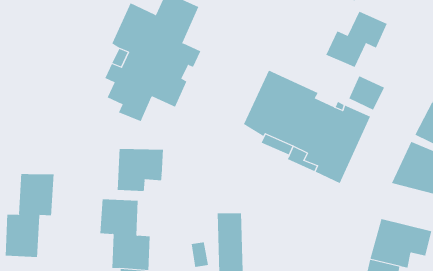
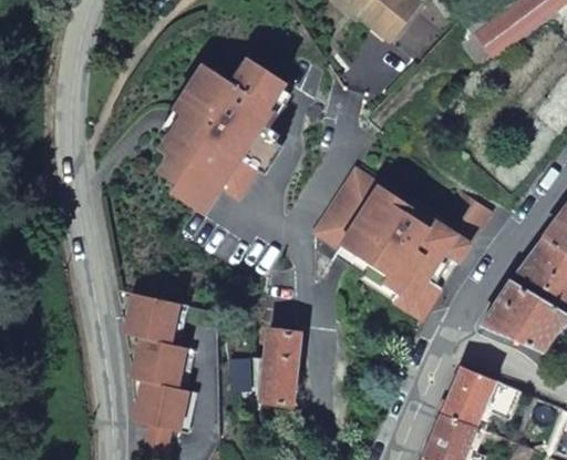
building: [325,11,387,68] -> none
building: [117,148,164,192] -> none
building: [5,173,54,258] -> none

